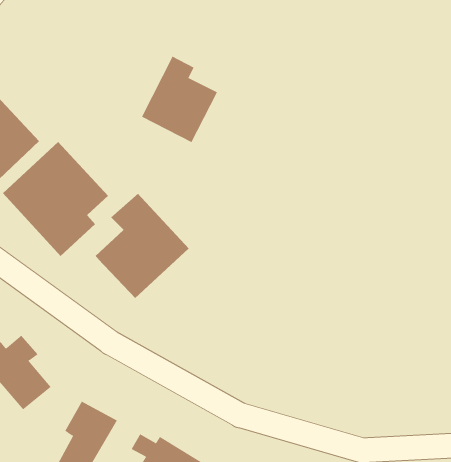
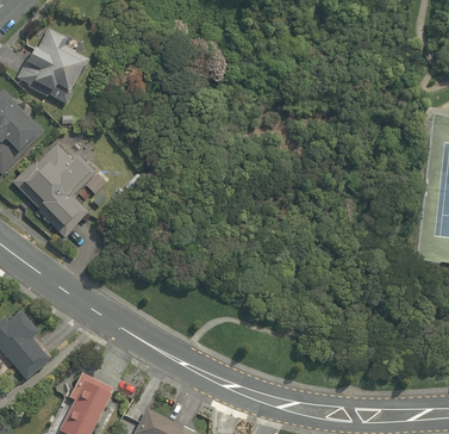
building: [141,56,218,143] -> [18,25,88,105]
building: [95,193,189,299] -> none

